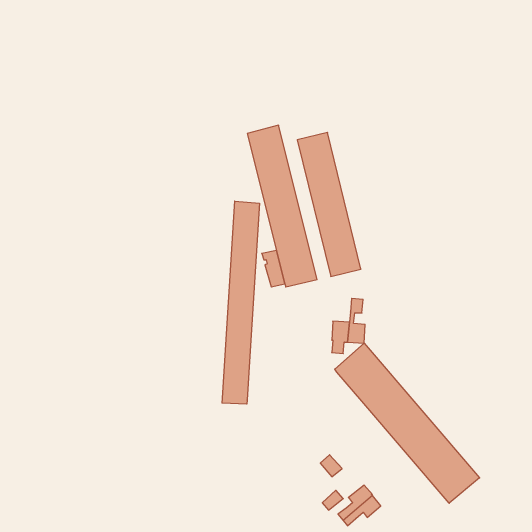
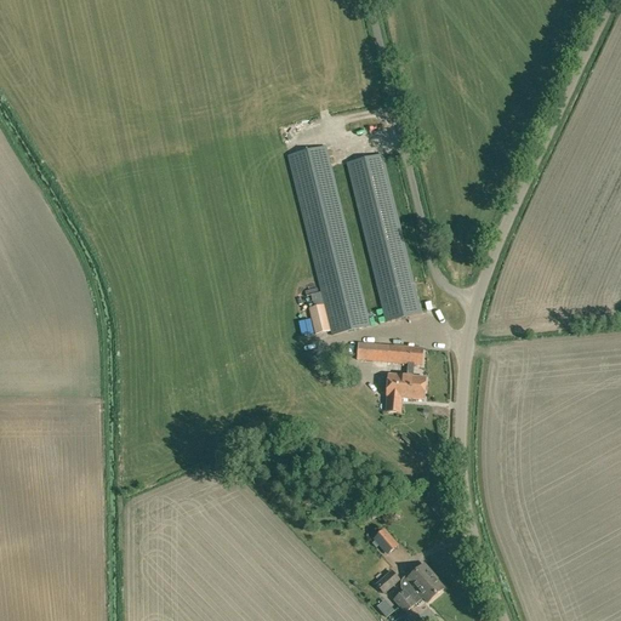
building: [222,201,259,404] -> none
building: none -> [357,342,409,363]
building: [335,343,480,503] -> none

